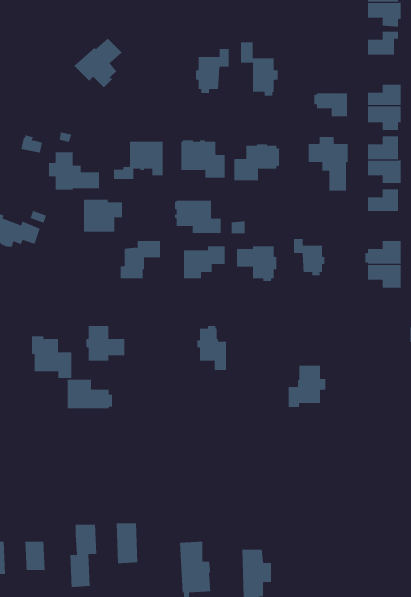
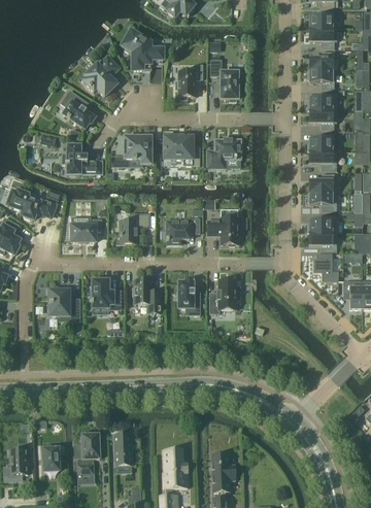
building: none -> [124,32,162,69]
building: none -> [63,90,94,128]
building: [313,93,348,117] -> [307,69,334,88]
building: [308,136,348,191] -> none
building: [83,199,123,232] -> [70,215,101,241]
building: [174,200,221,234] -> none
building: none -> [307,191,336,210]
building: [294,238,325,276] -> none
building: none -> [312,252,338,281]
building: none -> [132,279,160,312]
building: [288,365,326,408] -> [209,279,239,312]
building: [67,379,112,409] -> none

